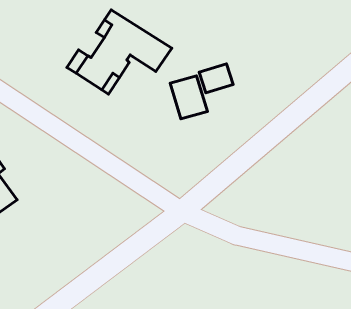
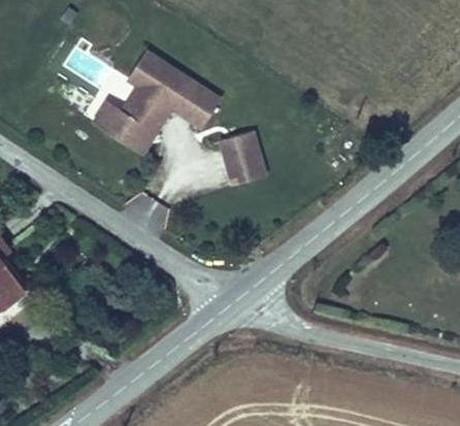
building: [199,64,233,93] -> none

